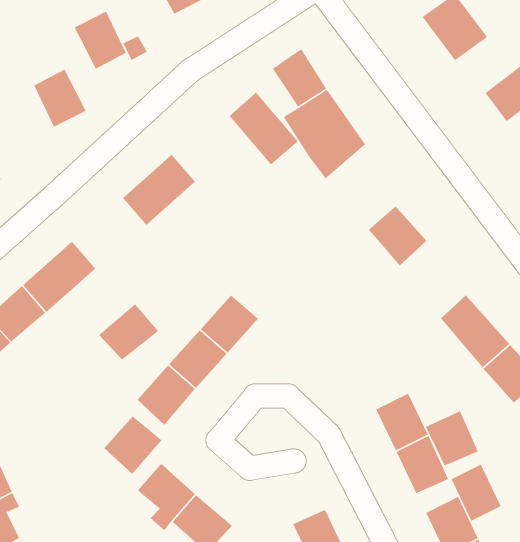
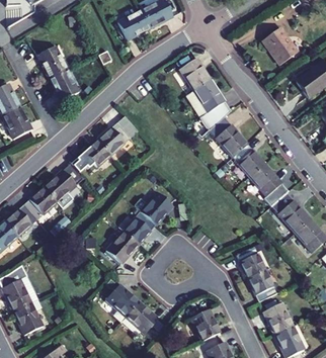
building: [73,11,127,70] -> [37,46,67,78]
building: [228,92,299,166] -> [210,116,248,157]
building: none -> [250,163,289,205]
building: [98,303,159,361] -> [78,140,111,171]
building: [425,410,479,467] -> none
building: [103,416,163,475] -> none
building: [450,464,502,522] -> none

